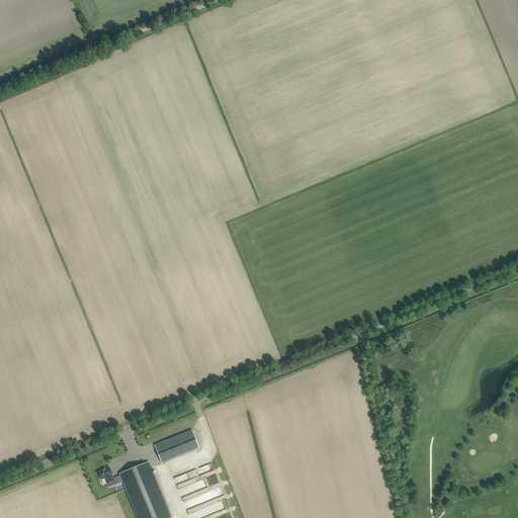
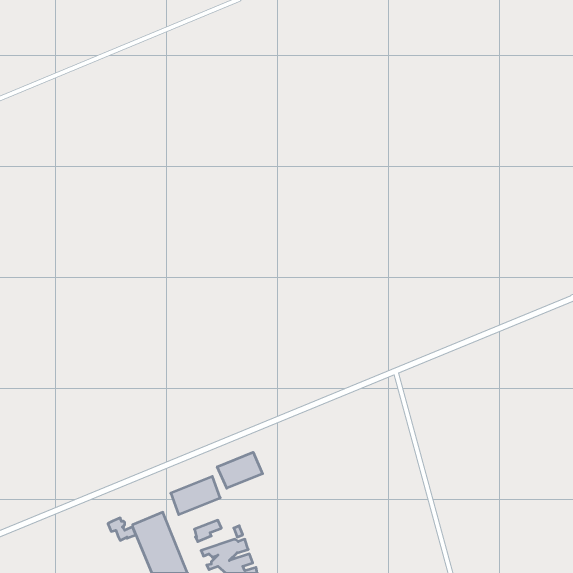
building: none -> [217,452,263,488]

